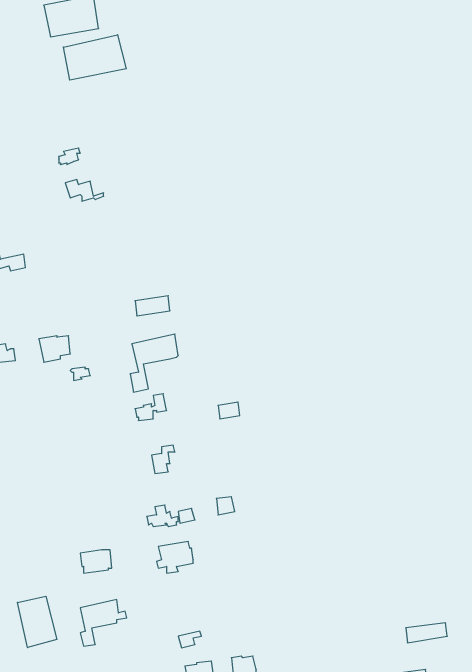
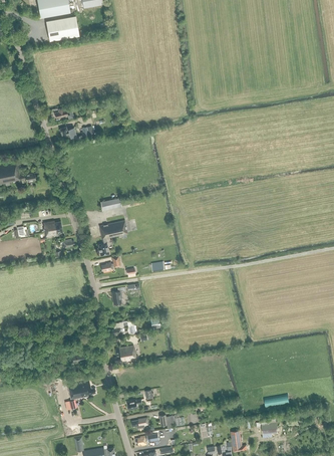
building: [63,35,126,80] -> none
building: [17,596,57,648] -> none

